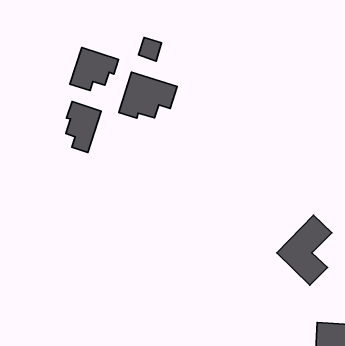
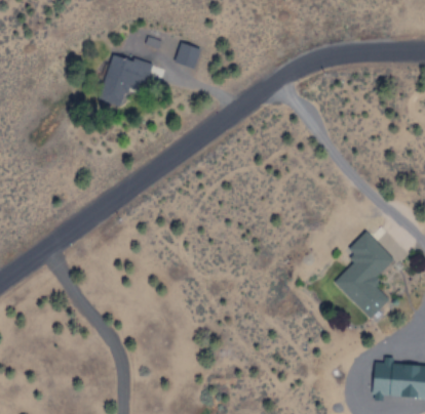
building: [119,72,177,118] -> none
building: [66,102,101,153] -> none

